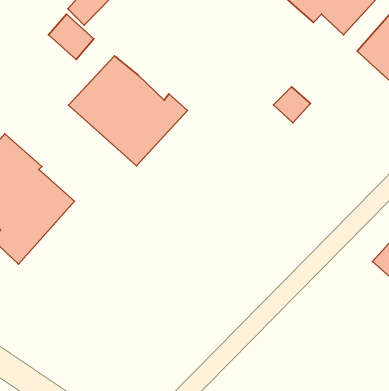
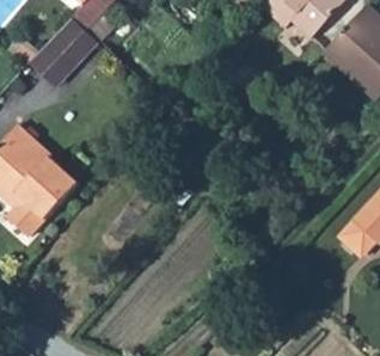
building: none -> [30,38,79,86]
building: [68,56,188,166] -> none

